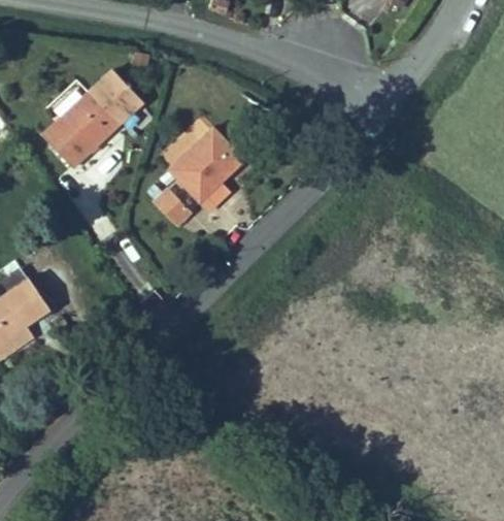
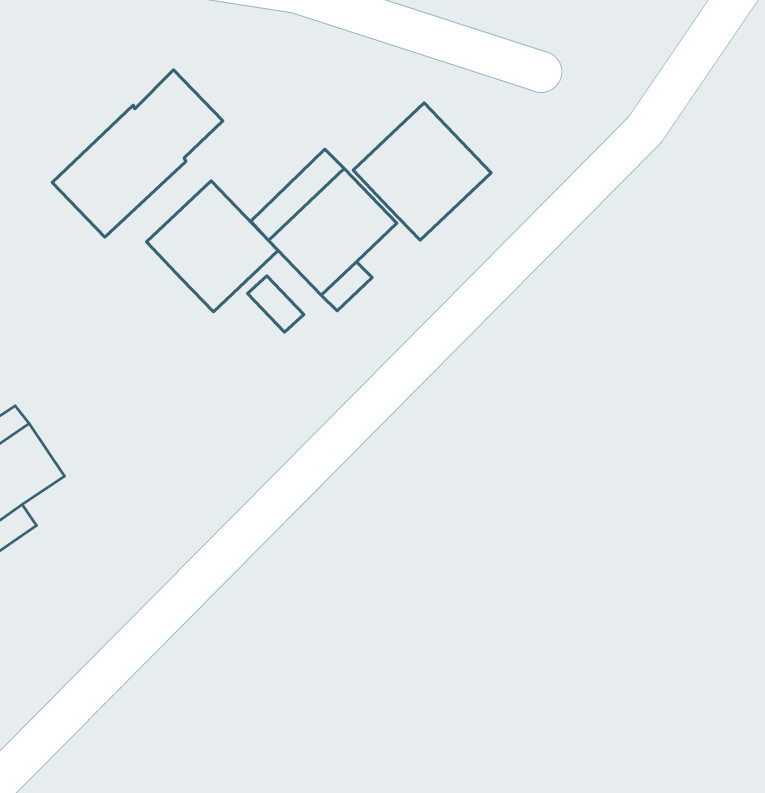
building: none -> [353,103,491,240]
building: none -> [146,181,278,312]

